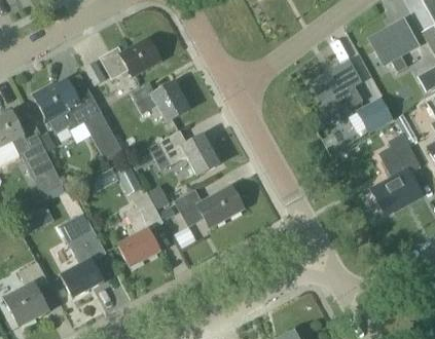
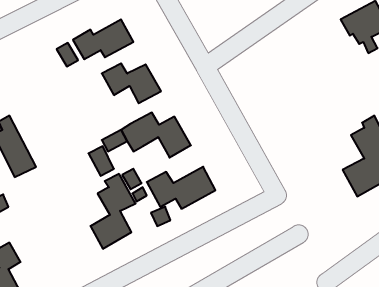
building: [311,60,362,117] -> none
building: [34,79,101,133] -> none
building: [357,97,393,131] -> none
building: [92,124,123,162] -> none
building: [59,212,106,297] -> none

